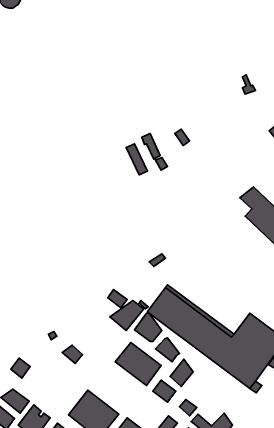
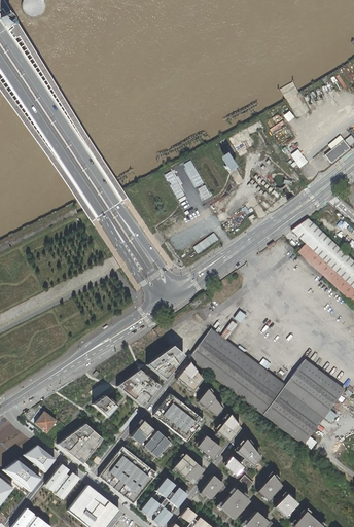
building: none -> [118,370,161,407]
building: none -> [131,421,170,457]
building: none -> [58,424,103,464]
building: none -> [234,434,262,466]
building: none -> [174,454,205,485]

